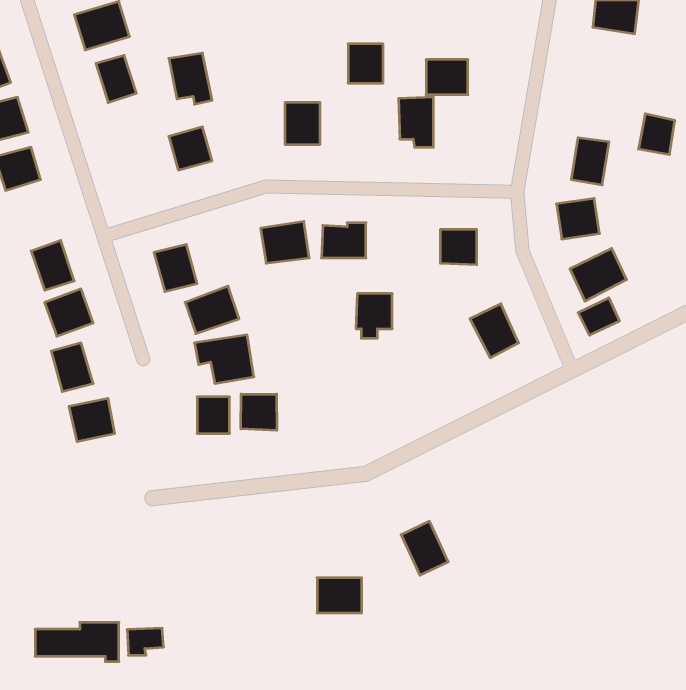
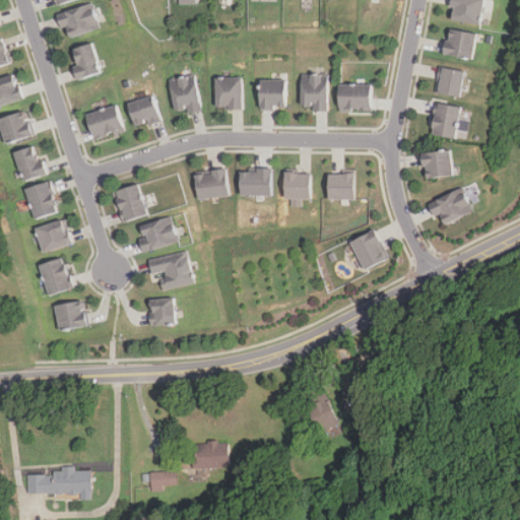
building: none -> [441,28,473,59]
building: [348,44,383,83] -> [259,79,285,109]
building: [169,53,212,104] -> [168,75,200,114]
building: [426,60,468,95] -> [338,84,370,111]
building: [638,114,675,154] -> [431,65,458,95]
building: none -> [84,105,123,140]
building: none -> [13,145,44,182]
building: [356,294,392,338] -> [287,171,315,204]
building: [578,298,619,335] -> none
building: [241,394,277,430] -> none
building: [317,578,362,613] -> [194,442,228,468]
building: [127,628,164,655] -> [147,470,175,491]

